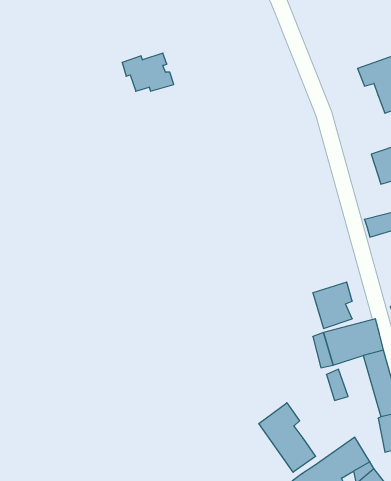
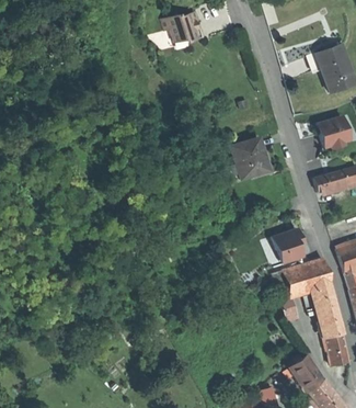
building: [122,53,174,91] -> [161,11,203,42]
building: none -> [230,136,268,179]
building: [259,403,316,472] -> none

